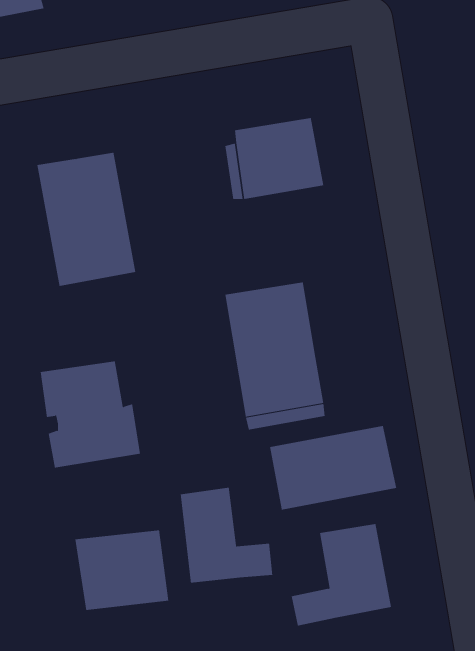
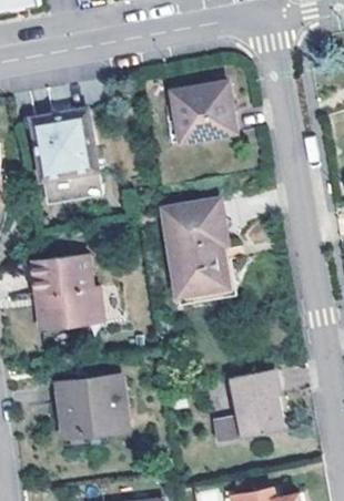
building: [269,425,397,510] -> none
building: [180,487,273,584] -> none

